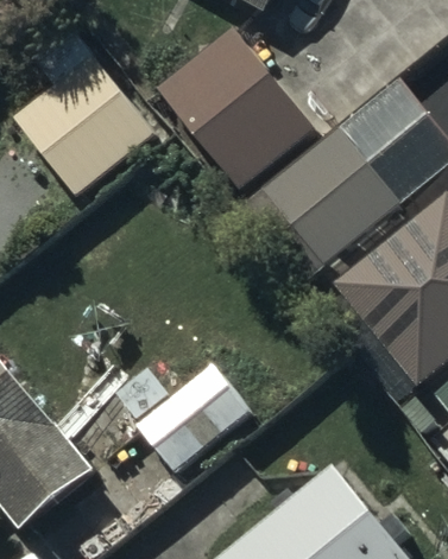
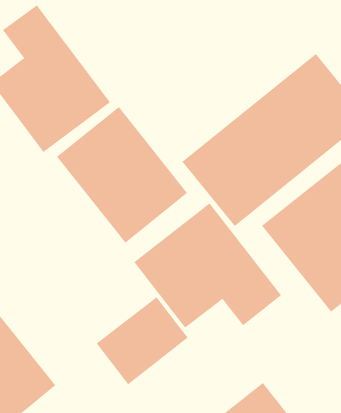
building: [158,26,315,190] -> [56,106,188,244]
building: none -> [134,202,282,329]

